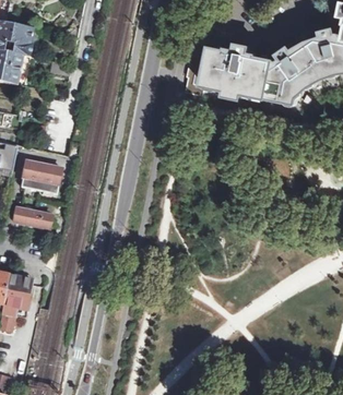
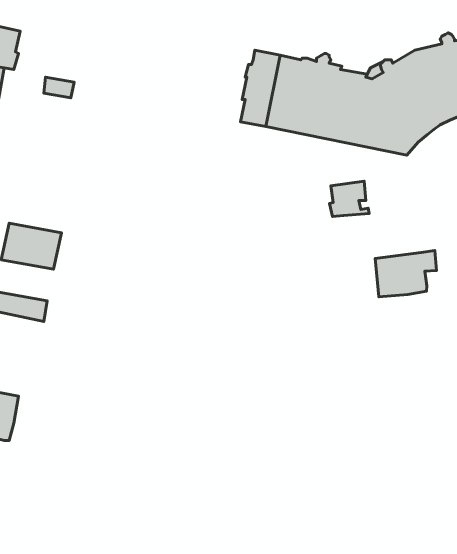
building: none -> [329,181,369,216]
building: none -> [375,250,437,297]

